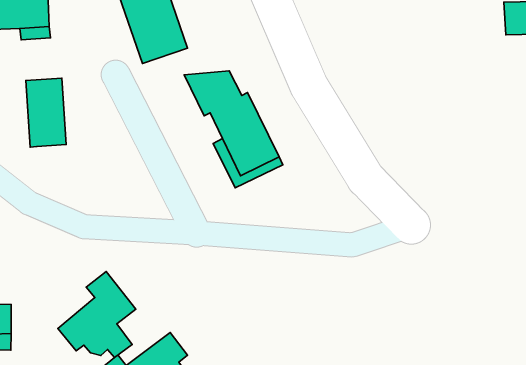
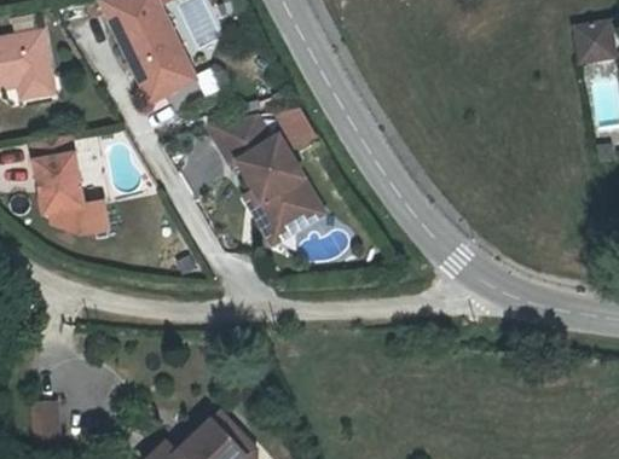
building: none -> [53,205,106,237]
building: [58,272,136,357] -> none

